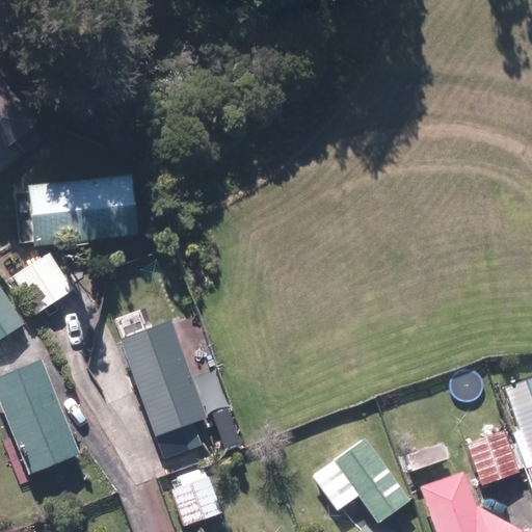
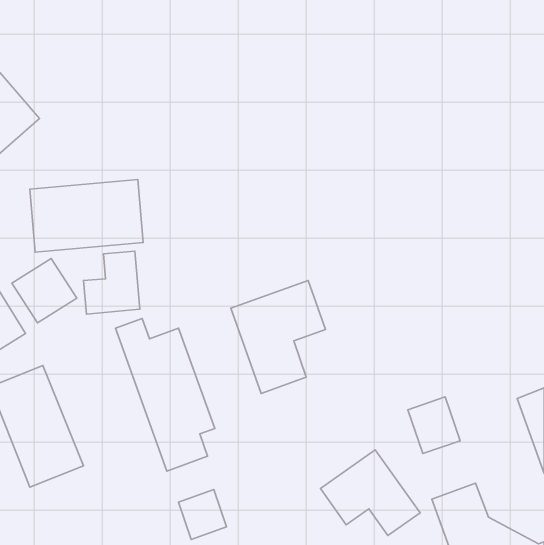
building: none -> [83,251,140,314]
building: none -> [231,280,326,394]
building: [467,430,517,485] -> [408,397,460,454]

